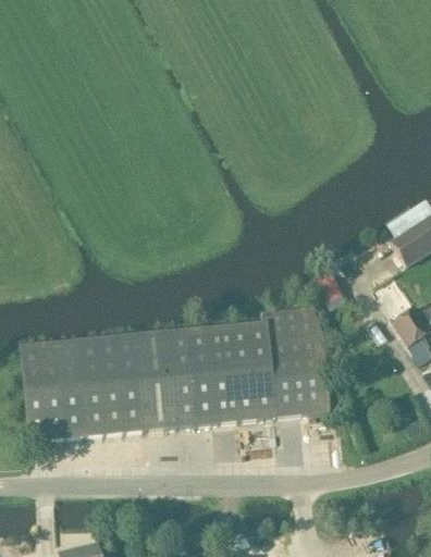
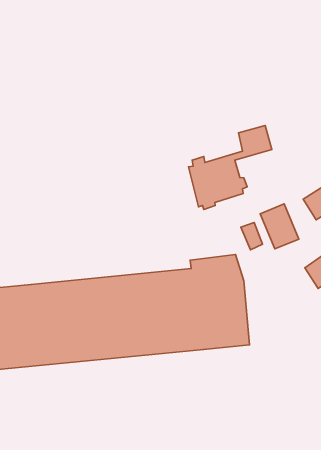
building: none -> [188,125,272,210]
building: none -> [260,204,299,249]

